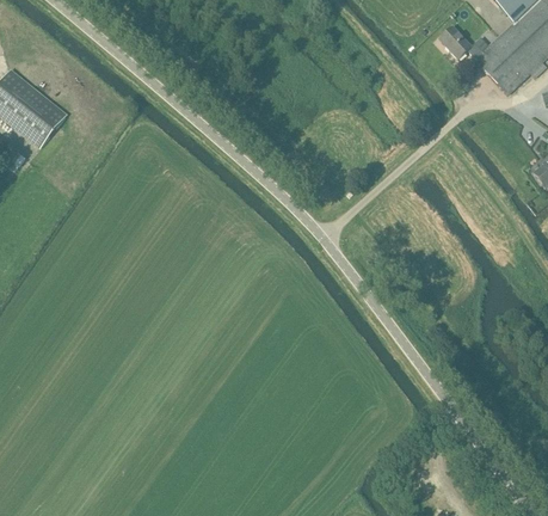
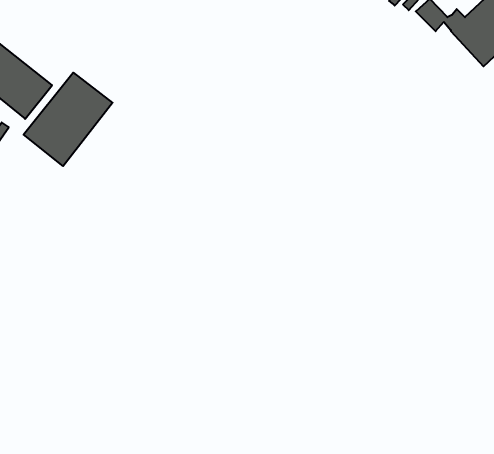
building: none -> [24,73,113,166]

